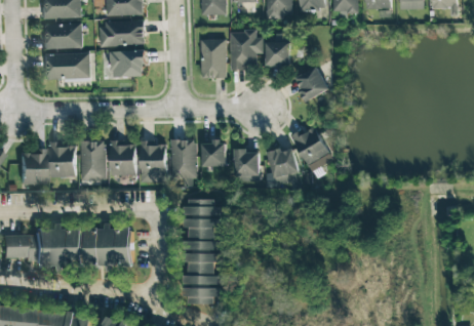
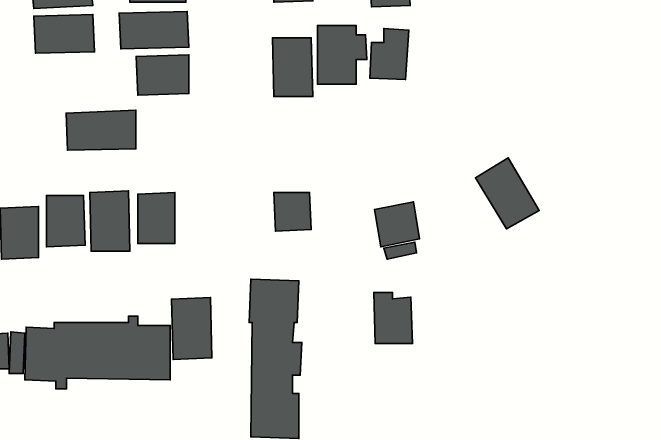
building: [43,52,89,79] -> [66,110,136,150]
building: [297,69,327,99] -> none
building: [291,125,333,172] -> [476,158,539,229]
building: [170,139,196,178] -> none
building: [140,141,166,182] -> [172,298,212,360]
building: [234,149,260,182] -> [374,293,412,344]

